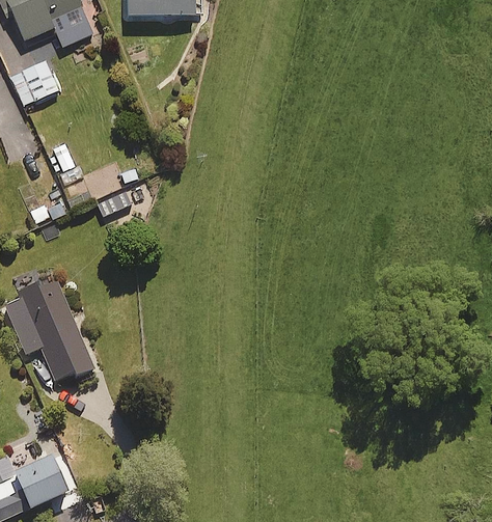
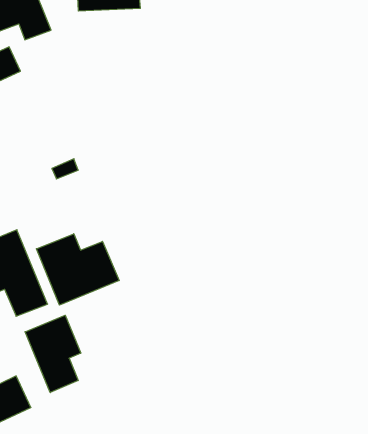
building: none -> [36,234,119,305]
building: none -> [25,315,81,393]

